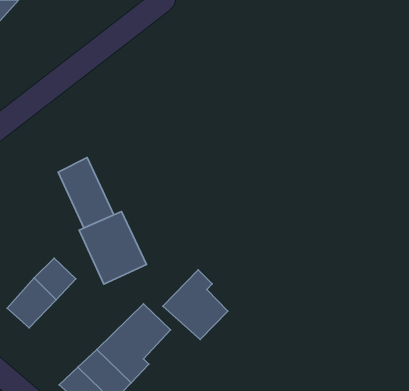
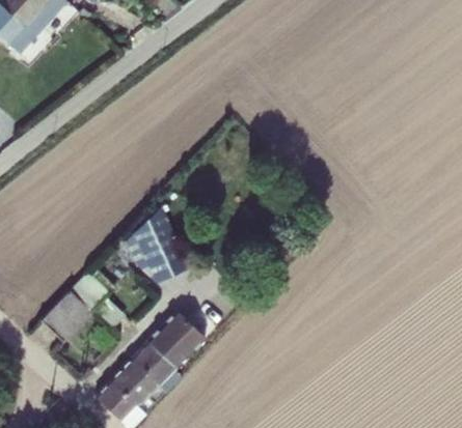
building: [58,157,114,228] -> none
building: [163,270,228,340] -> none

